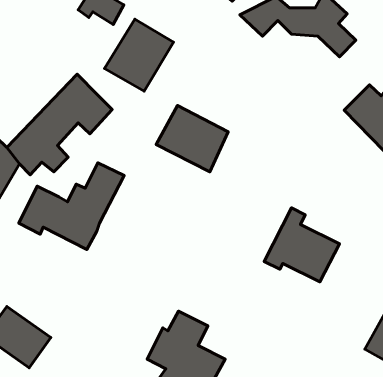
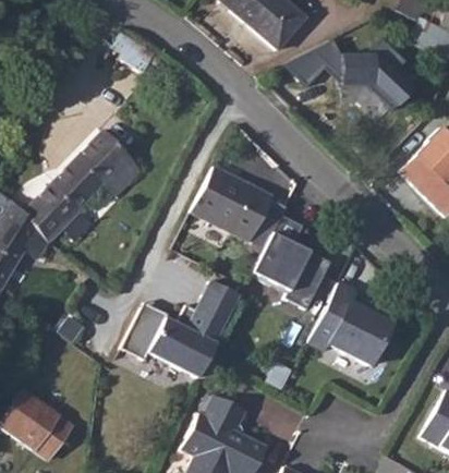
building: [104,19,173,91] -> none
building: none -> [254,210,333,304]
building: [19,163,124,250] -> [122,284,240,381]

